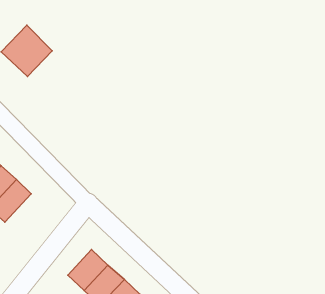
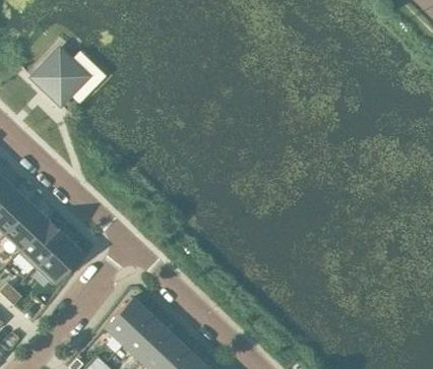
building: none -> [36,236,83,285]

